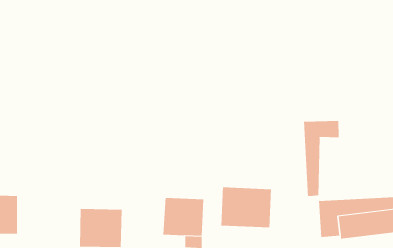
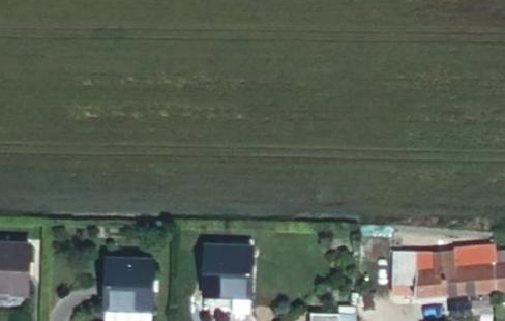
building: [304,120,339,197] -> none
building: [221,187,272,228] -> none

